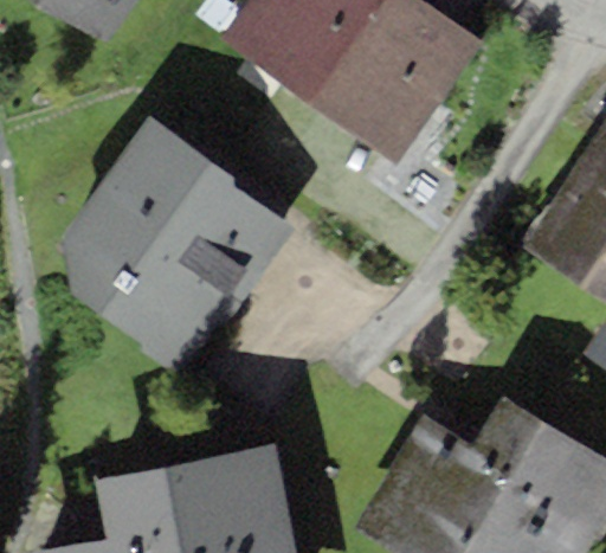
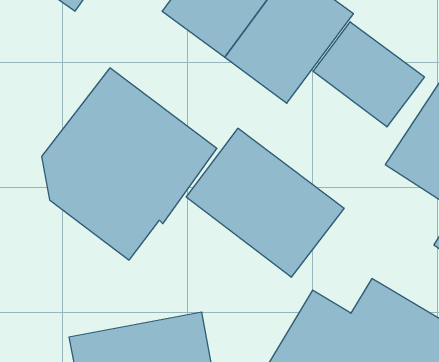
building: none -> [313,22,424,127]
building: none -> [186,128,344,277]

